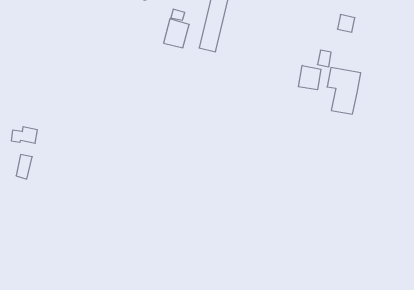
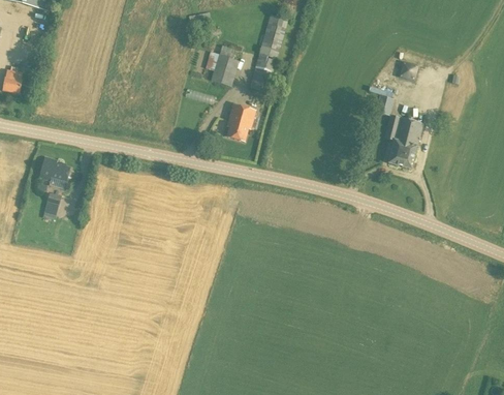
building: none -> [225,102,254,140]
building: [298,65,321,90] -> none

